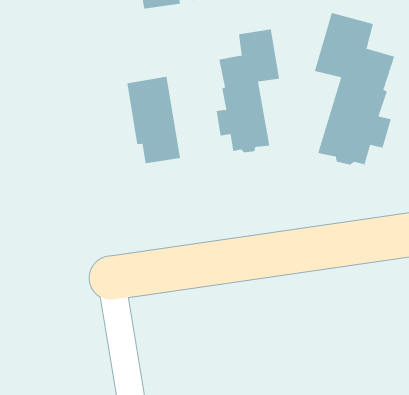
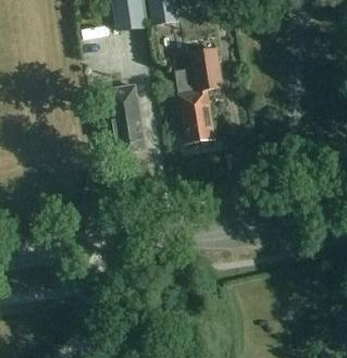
building: [314,12,395,165] -> none

